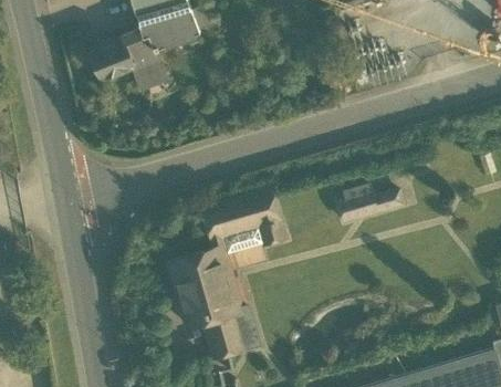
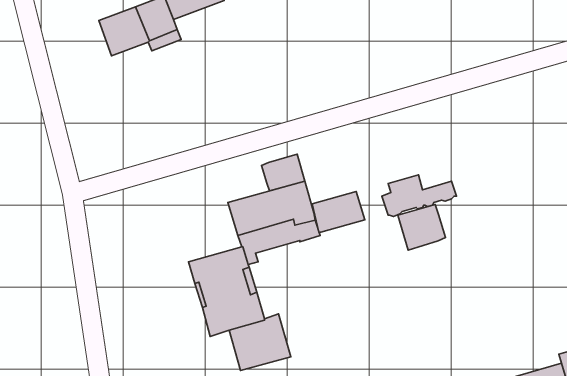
building: none -> [261,154,305,191]
building: none -> [312,192,365,232]
building: none -> [398,204,446,250]

